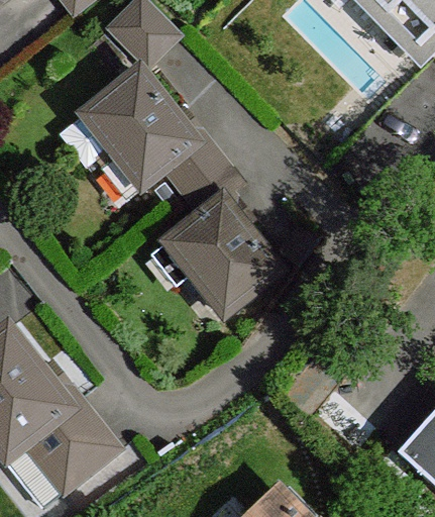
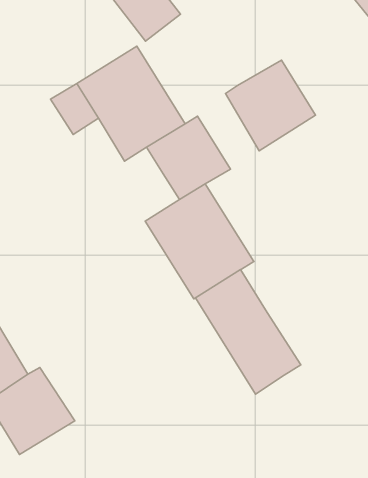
building: none -> [226,60,316,151]
building: none -> [196,270,301,394]

